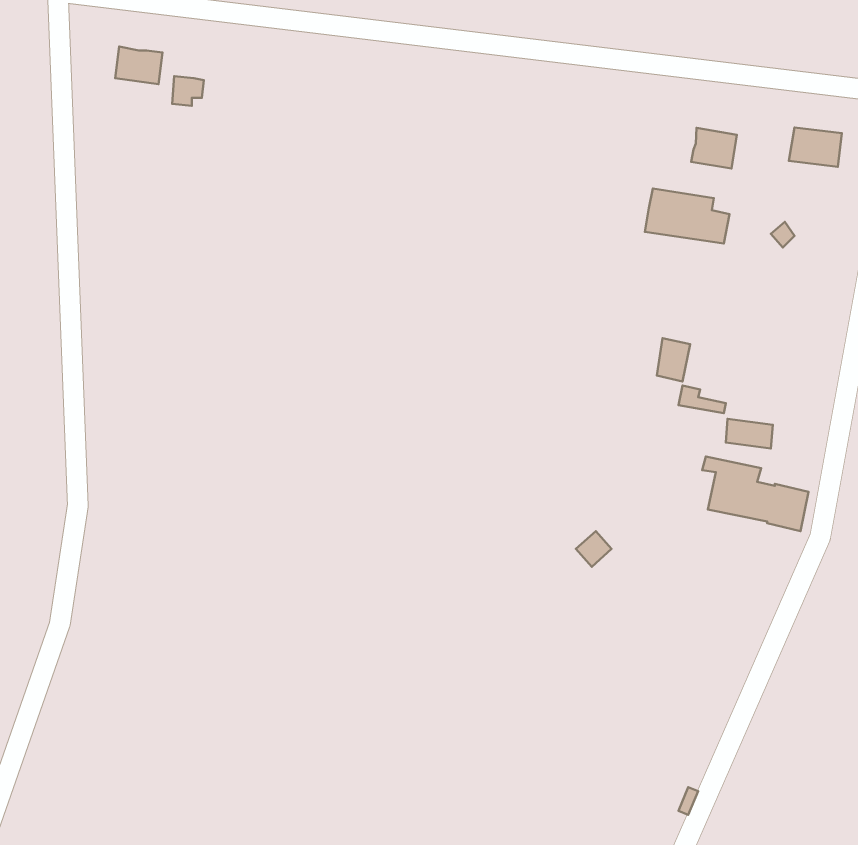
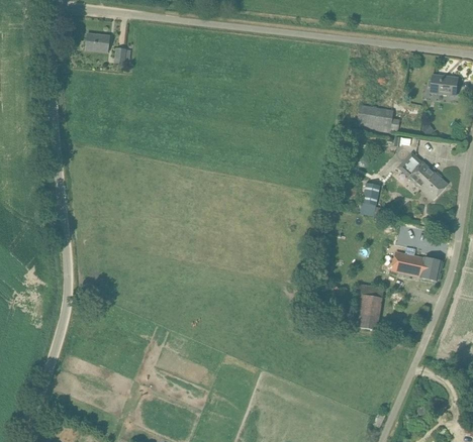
building: [691,128,737,169] -> none
building: none -> [400,152,448,199]
building: none -> [351,283,385,330]

